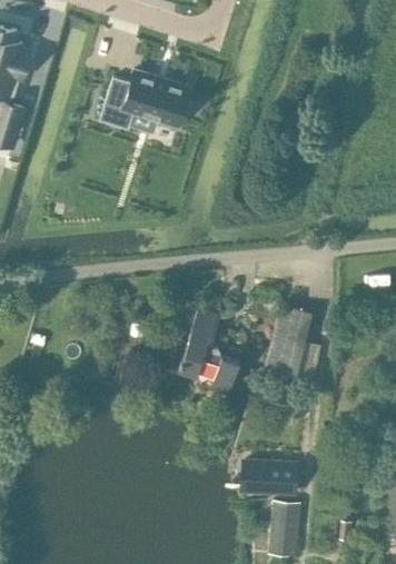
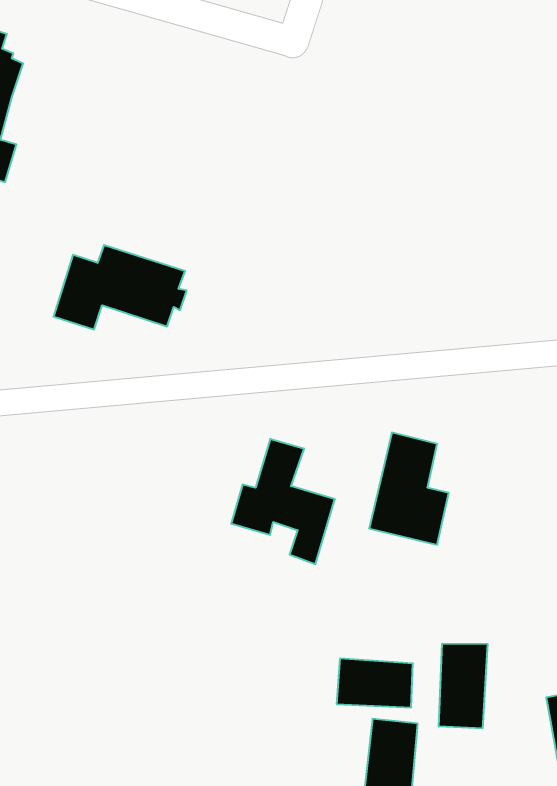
building: [99,72,190,130] -> [53,245,187,330]
building: none -> [439,644,488,728]

